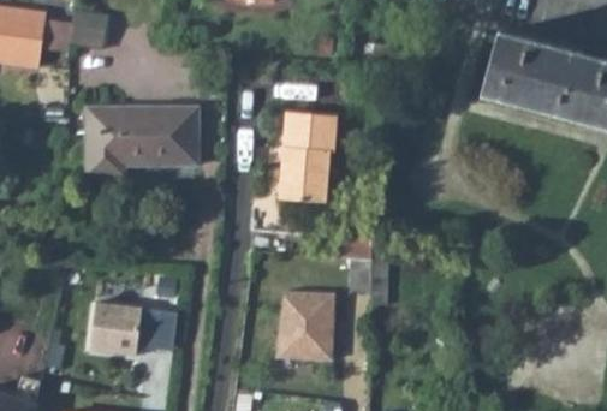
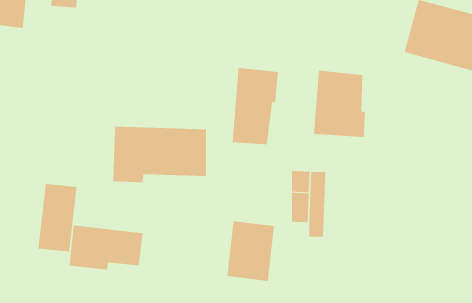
building: [89,103,200,169] -> [112,126,207,183]
building: none -> [313,70,366,138]
building: none -> [38,183,77,252]

